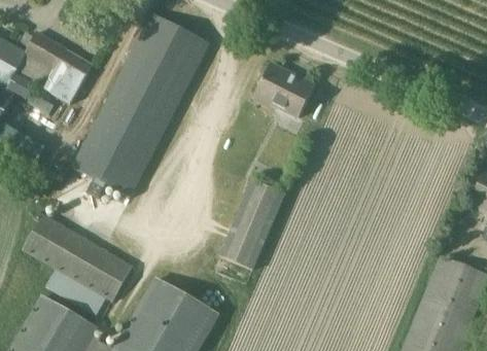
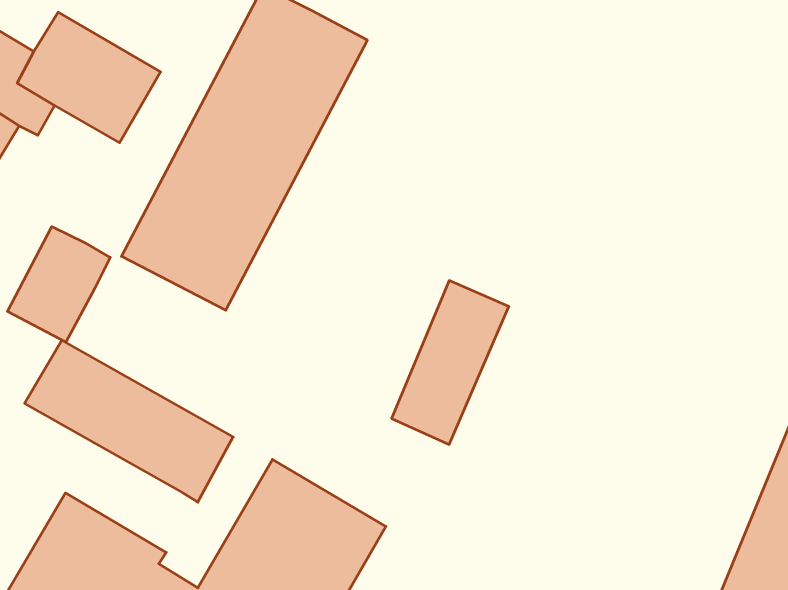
building: [254,63,315,116] -> none
building: none -> [7,227,110,342]
building: [45,269,105,315] -> none

